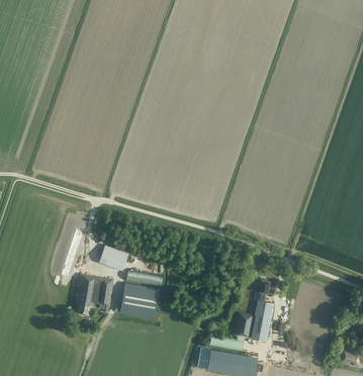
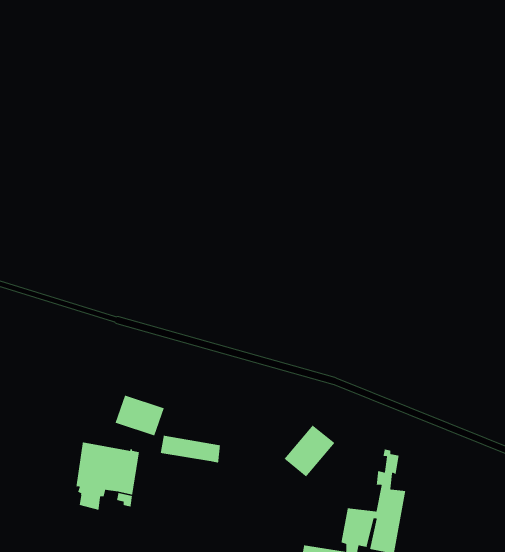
building: none -> [283,424,335,477]
building: [120,284,160,319] -> none

